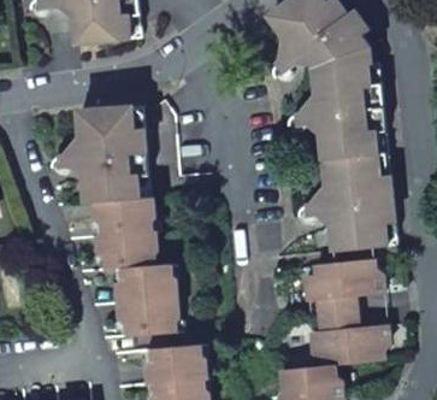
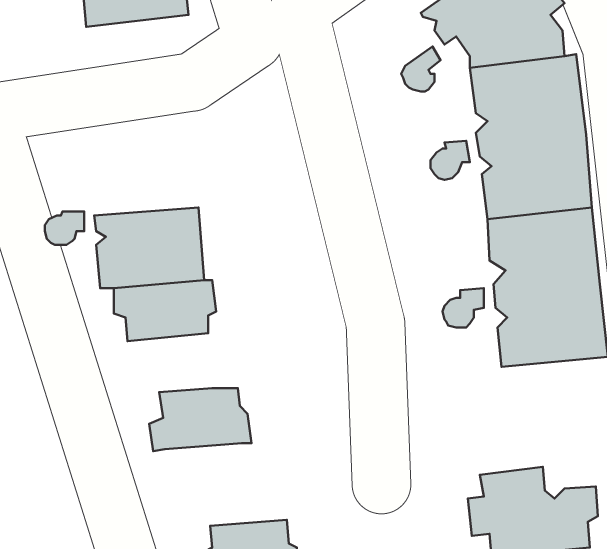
building: [77,107,144,158] -> none
building: [95,230,158,267] -> none
building: [303,259,383,317] -> none
building: [117,298,177,335] -> none

